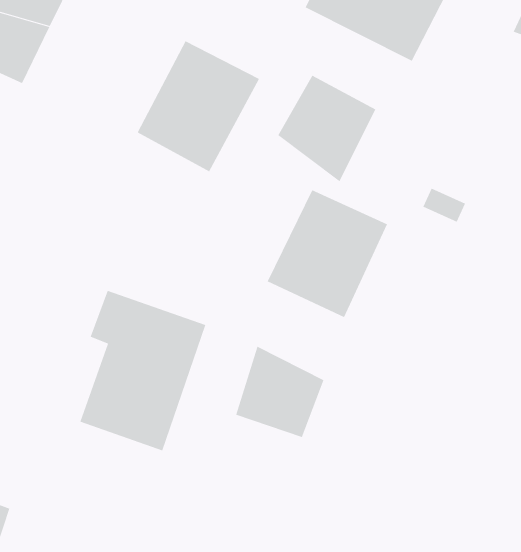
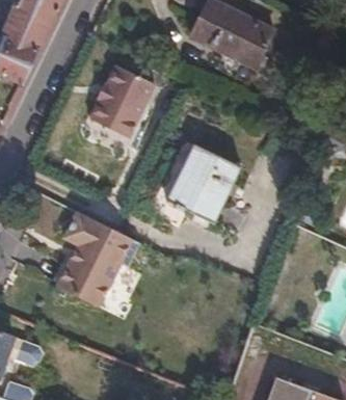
building: [277,75,376,182] -> none
building: [236,346,324,438] -> none

